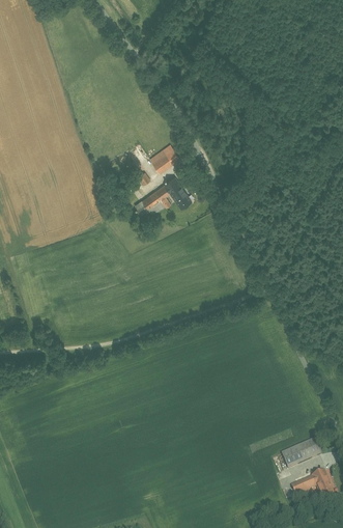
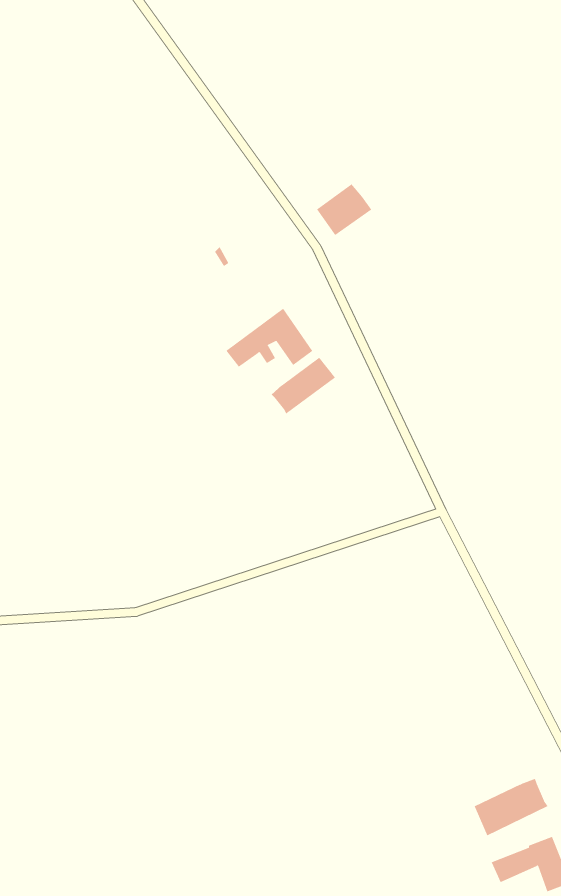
building: [148,143,179,172] -> [316,184,372,236]
building: none -> [271,357,336,414]

